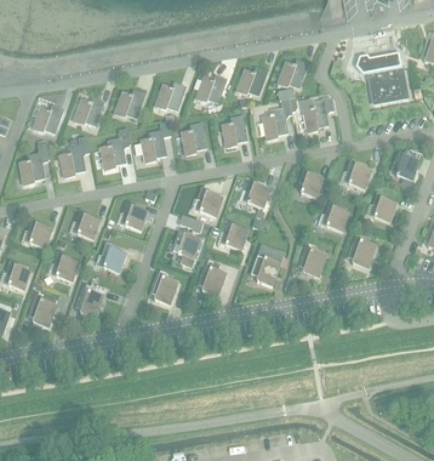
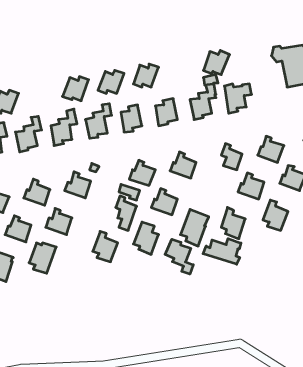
building: [236,68,267,95] -> none
building: [74,97,104,125] -> none
building: none -> [203,239,241,264]
building: none -> [165,239,193,274]

